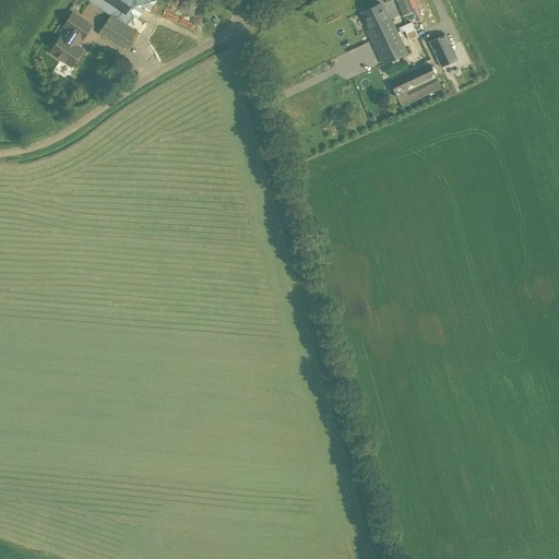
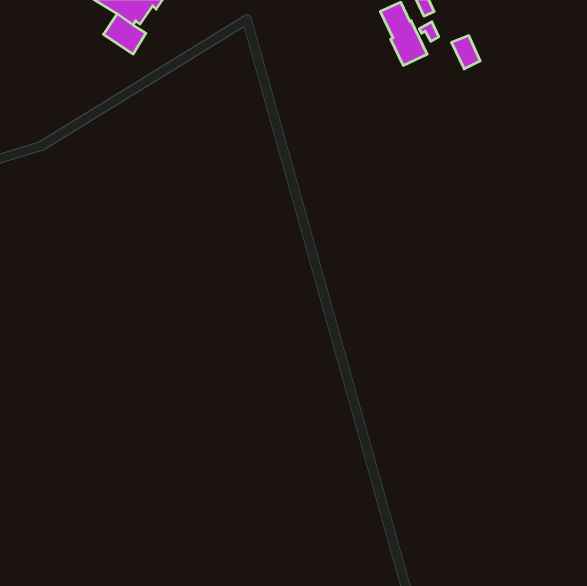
building: [50,12,92,66] -> none
building: [391,63,441,107] -> none

